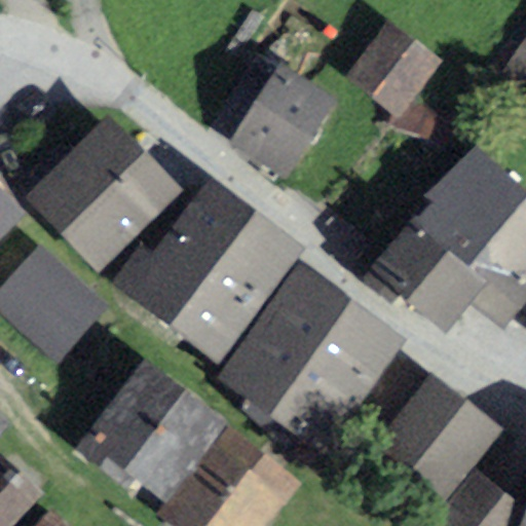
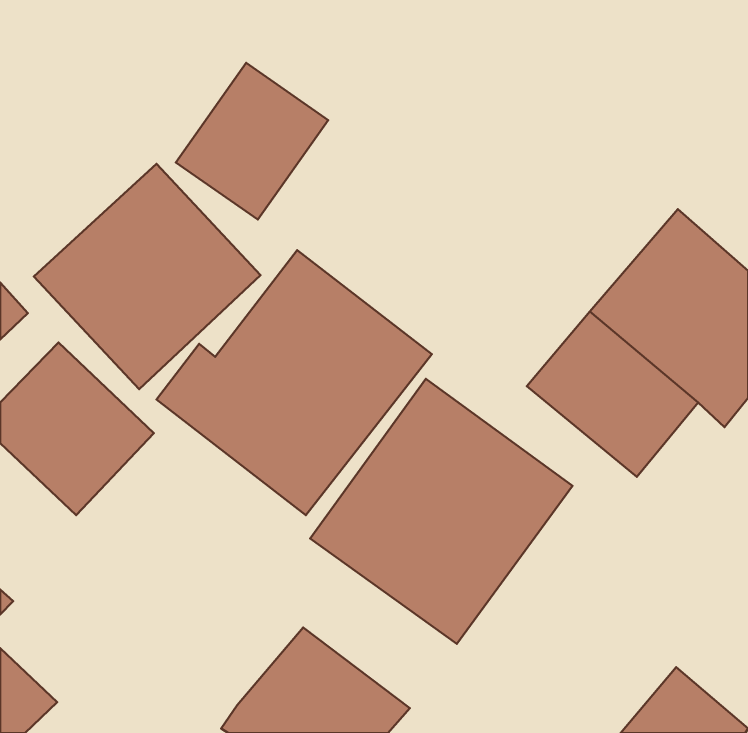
building: [348,18,443,113] -> none
building: [228,67,335,177] -> [176,63,328,219]
building: [72,358,226,495] -> none
building: [382,373,502,491] -> none

